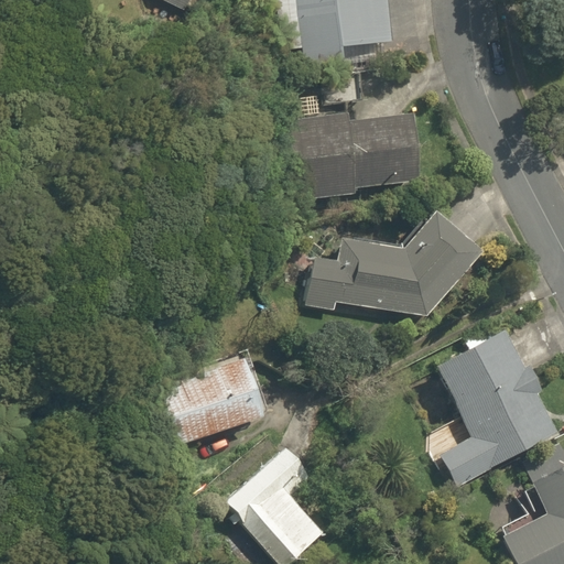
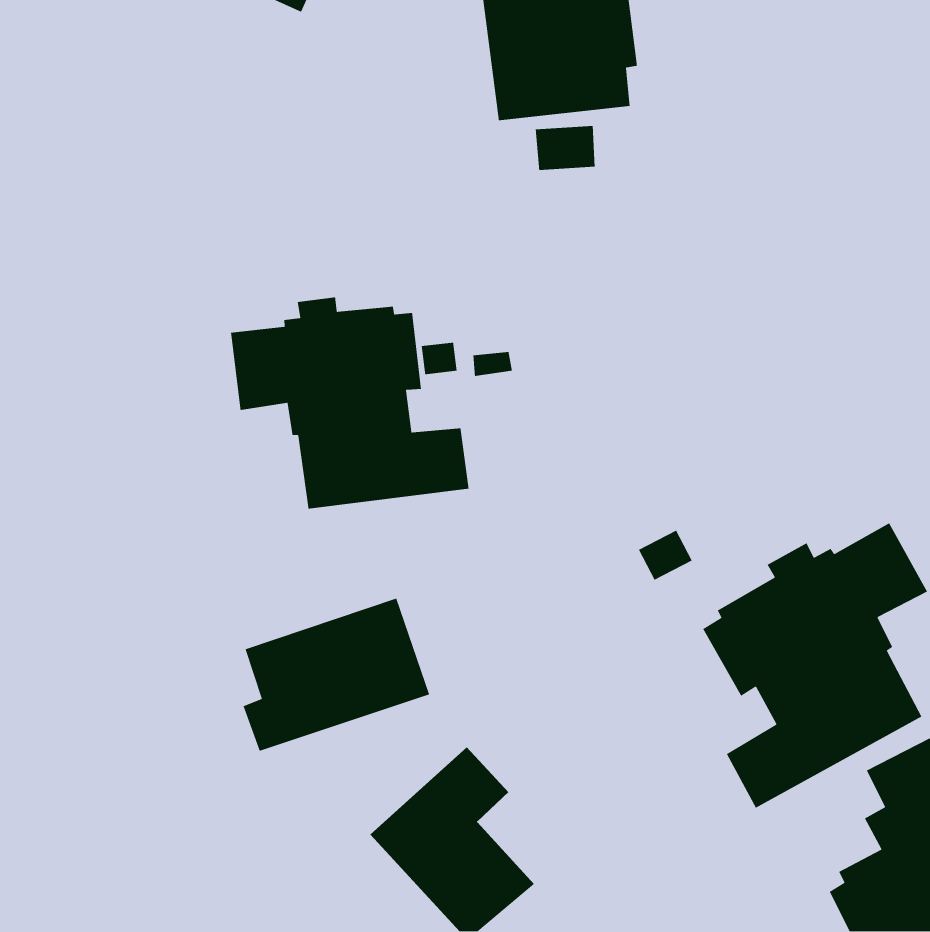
building: [285,113,421,200] -> none
building: none -> [230,296,470,509]
building: [308,210,482,315] -> none

